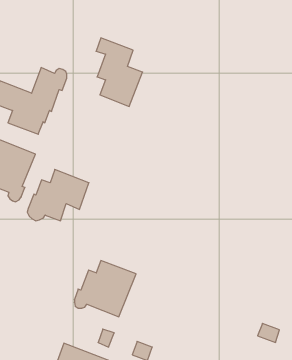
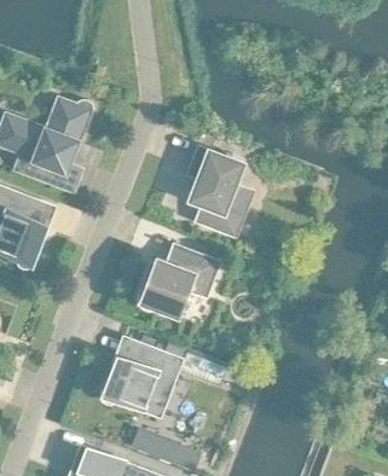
building: [96,38,143,106] -> [192,147,251,234]
building: [27,169,89,221] -> [138,245,216,310]

